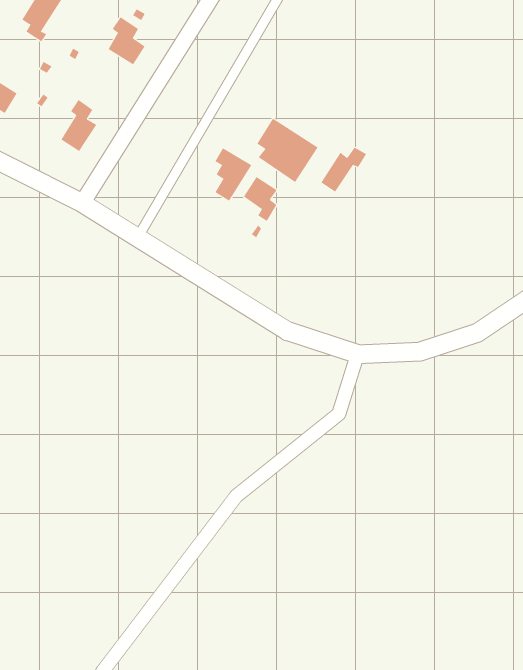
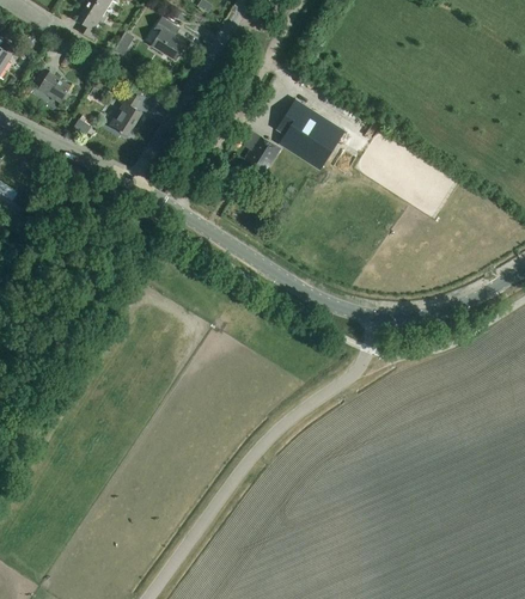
building: [320,147,367,193] -> none
building: [243,176,277,222] -> none

